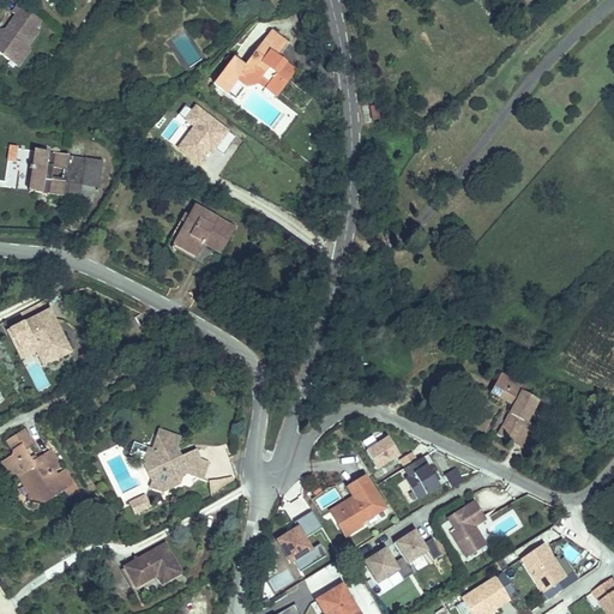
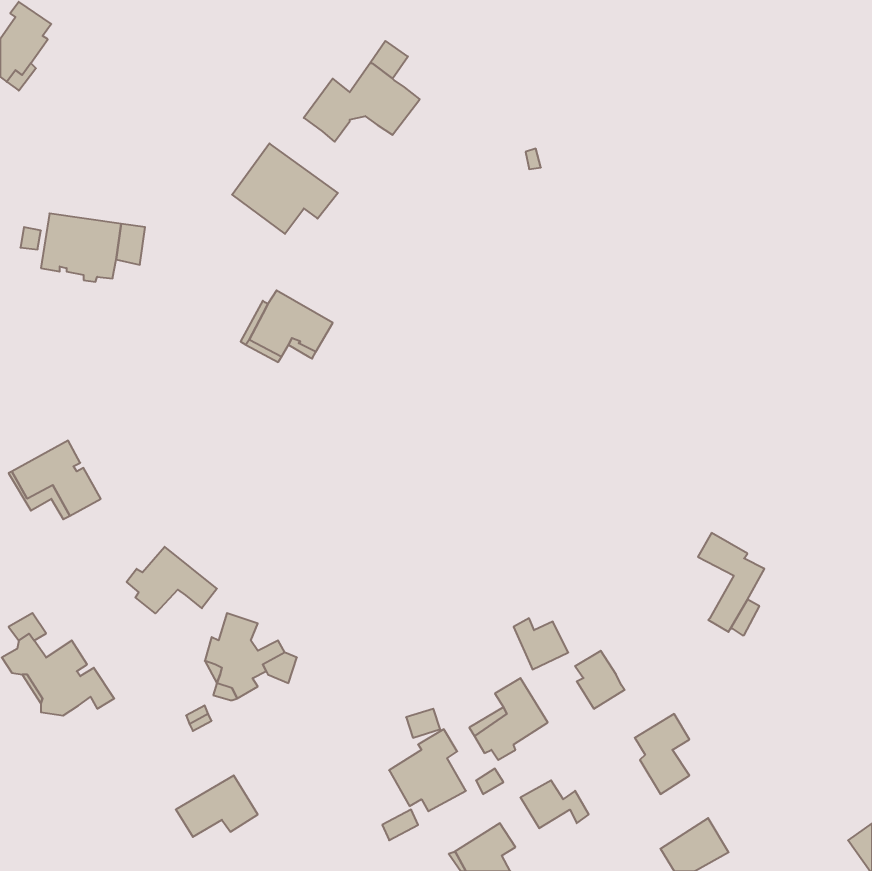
building: none -> [127,547,217,613]
building: [396,529,444,562] -> none
building: [524,542,570,590] -> none

